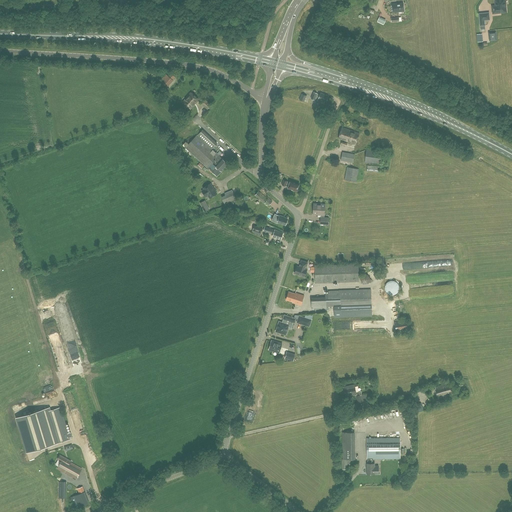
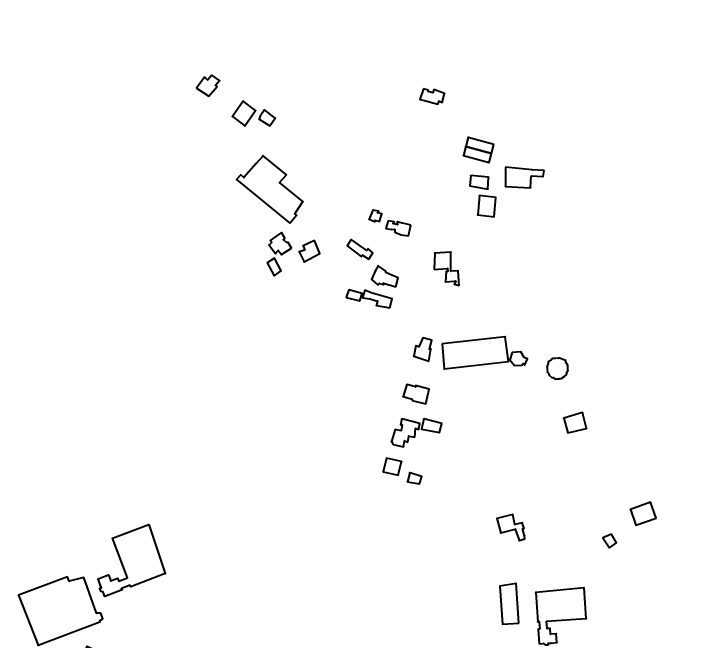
building: [310,288,371,315] -> none
building: none -> [98,525,165,596]

